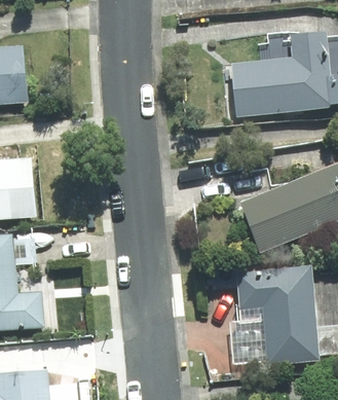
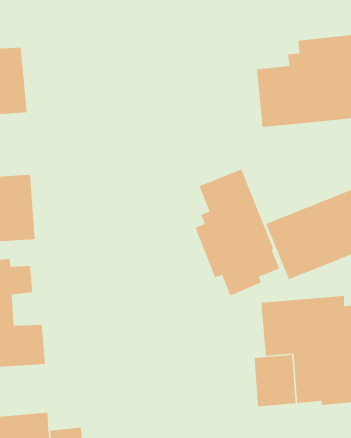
building: none -> [195,168,280,296]

